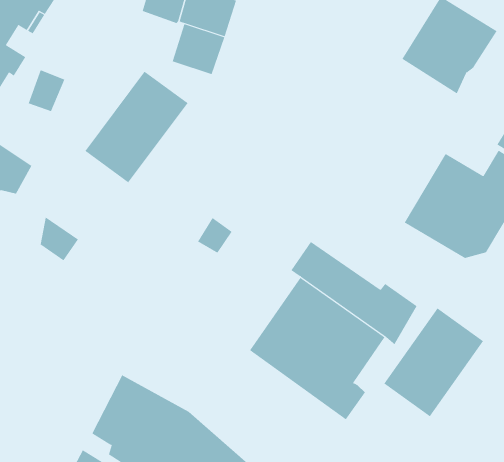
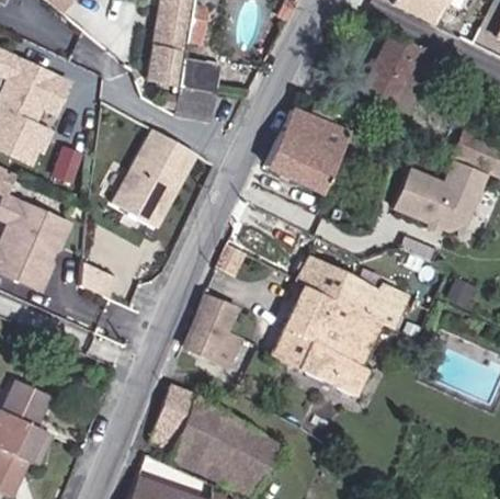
building: none -> [265,109,350,192]
building: none -> [177,294,240,377]
building: [384,307,484,417] -> none

